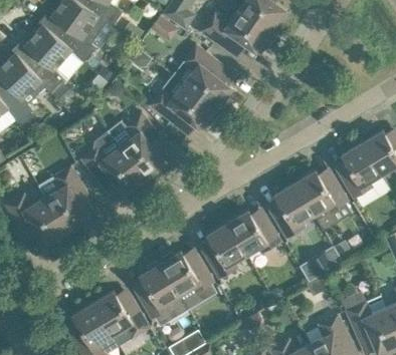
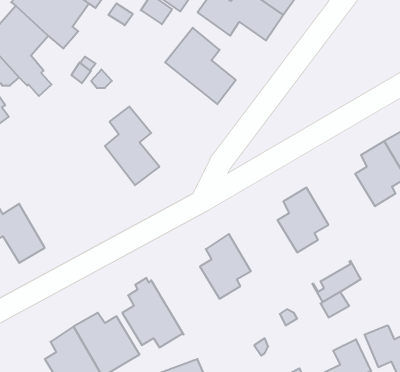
building: [150,73,218,129] -> none
building: [81,129,147,196] -> none
building: [46,164,90,234] -> none
building: [295,169,353,229] -> none
building: [228,210,281,254] -> none
building: [161,250,215,309] -> none

